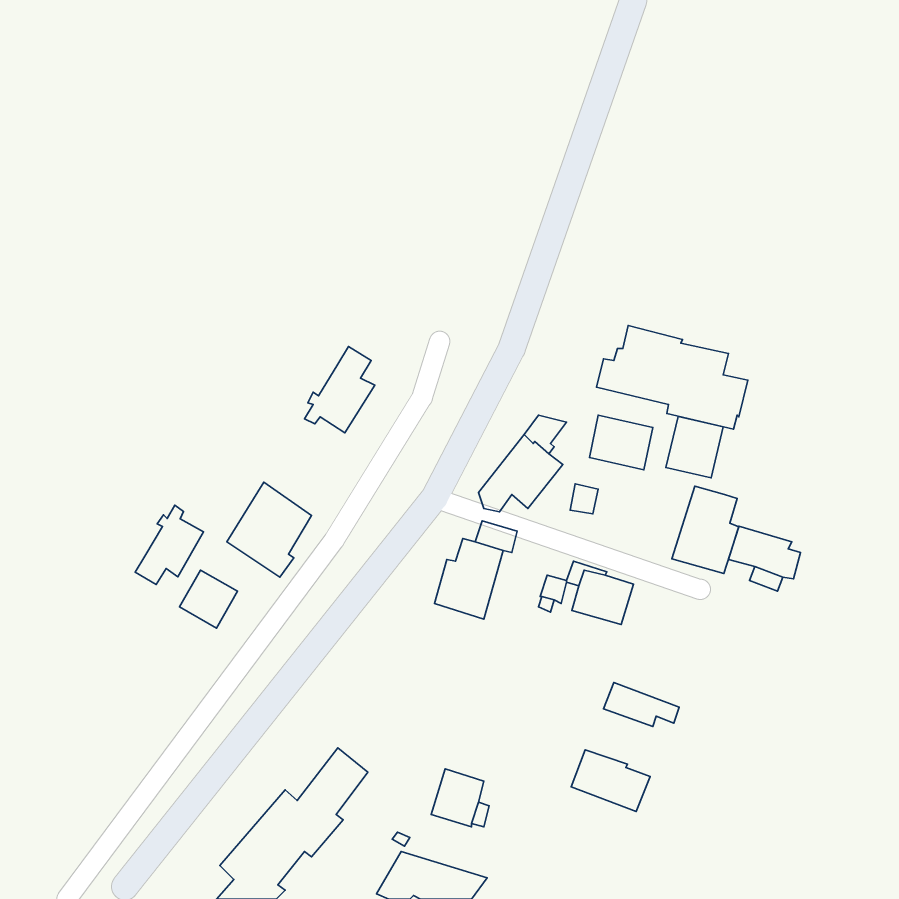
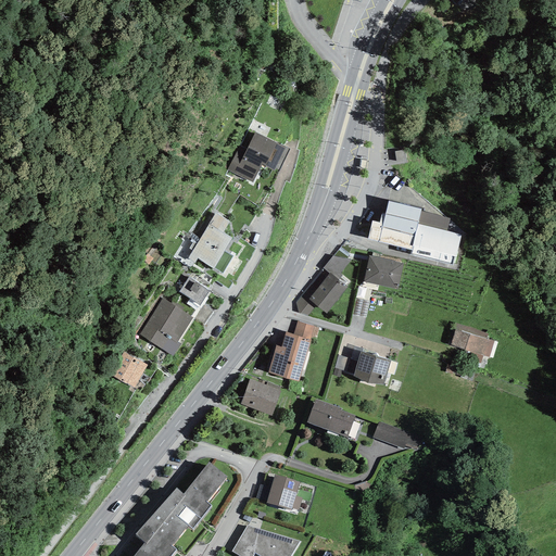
building: none -> [227,134,285,182]
building: [666,417,723,478] -> none
building: none -> [179,277,210,306]
building: [672,486,739,573] -> none
building: [135,505,203,585] -> none
building: none -> [241,380,280,415]
building: [571,750,650,812] -> [306,400,355,438]

